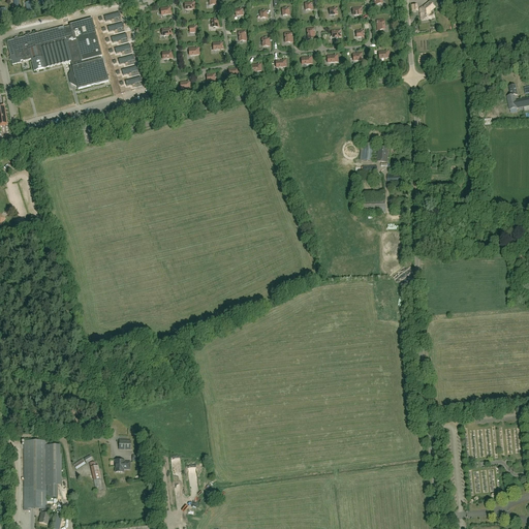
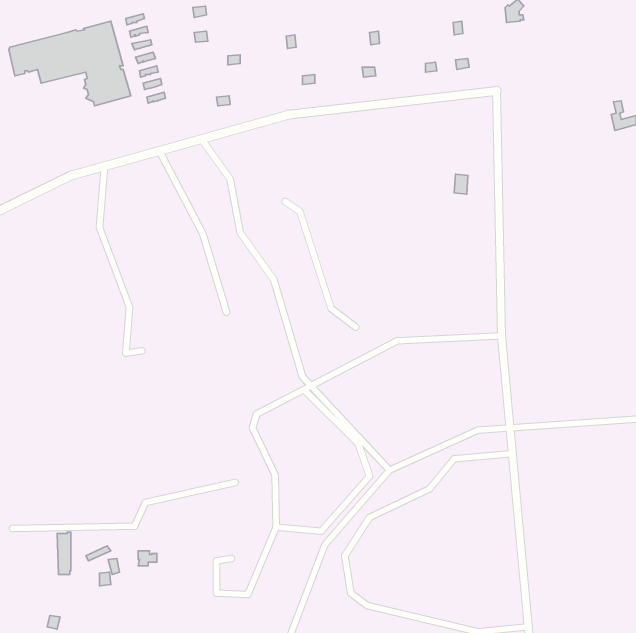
building: [22,440,57,508] -> none

